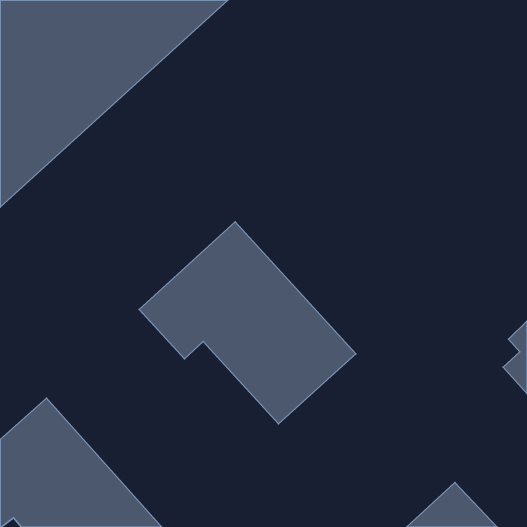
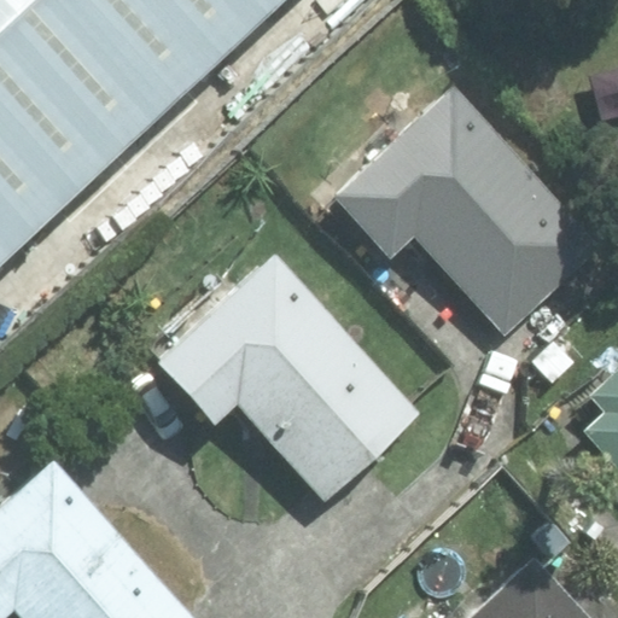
building: none -> [339,92,596,330]

